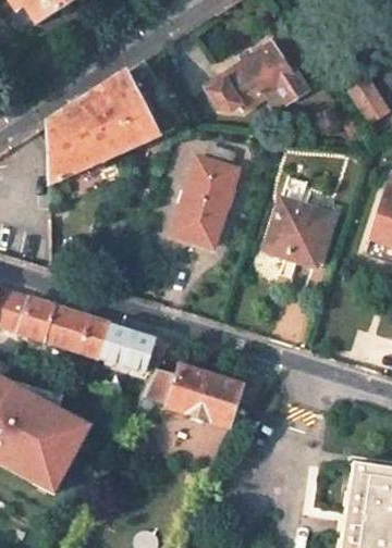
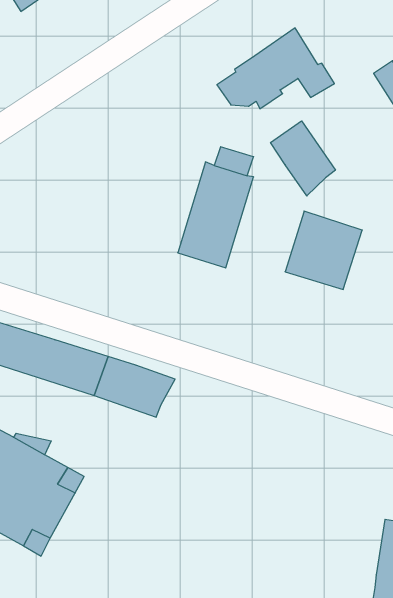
building: [47,59,173,183] -> none
building: none -> [271,121,335,196]
building: [132,364,242,426] -> none

